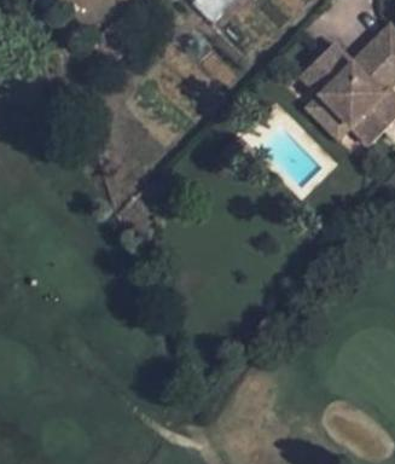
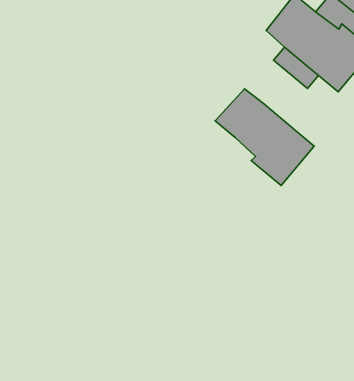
building: none -> [215,89,314,186]

